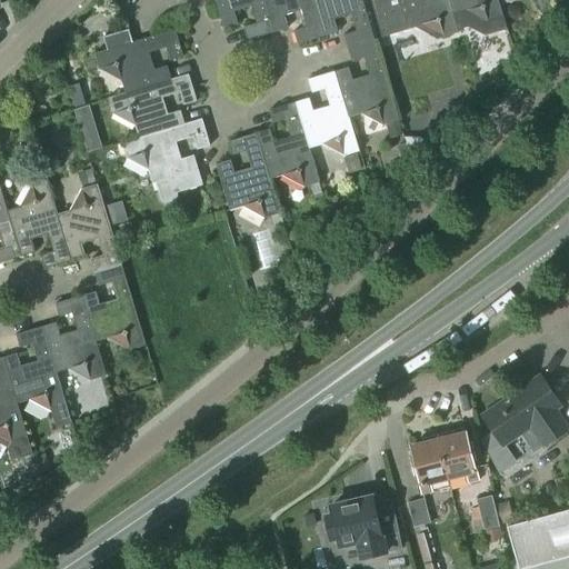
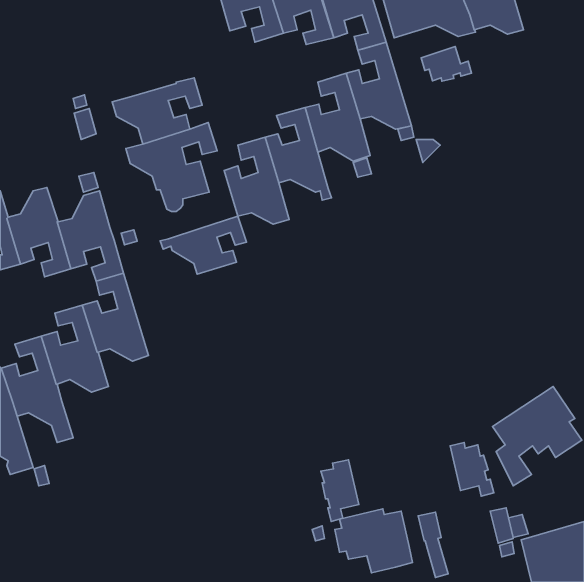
building: [96,30,184,94] -> none
building: none -> [421,47,472,81]
building: none -> [160,216,246,274]
building: [411,433,448,493] -> [321,460,359,522]

